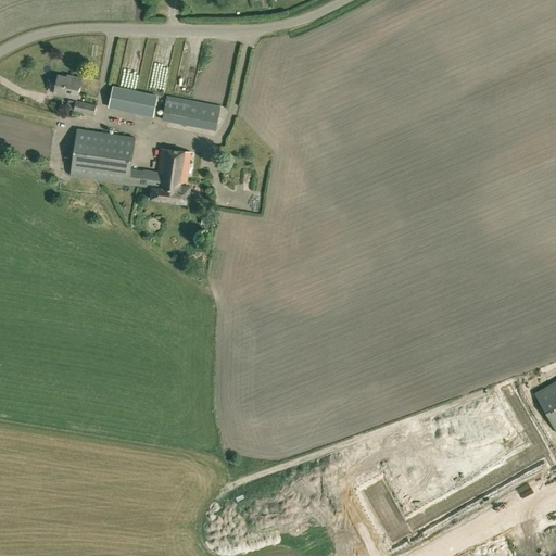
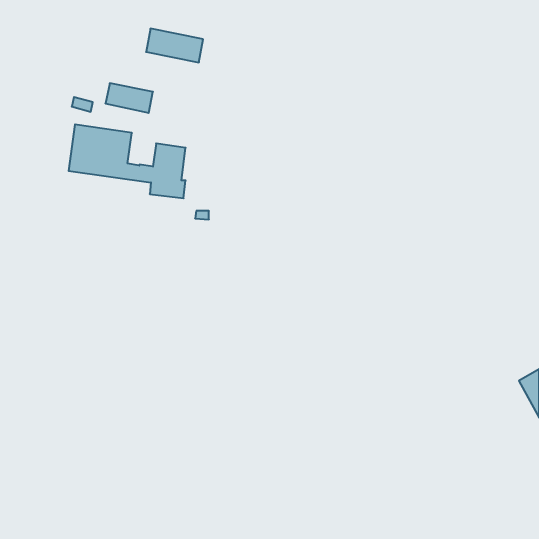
building: [54,74,81,98] -> none
building: [162,96,220,130] -> [146,29,203,62]

